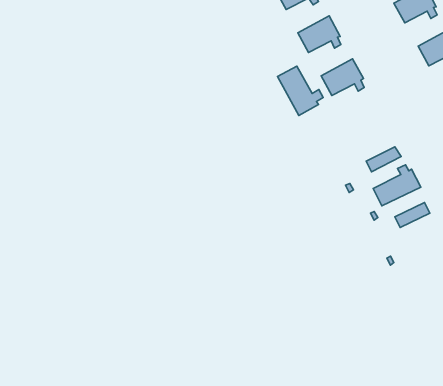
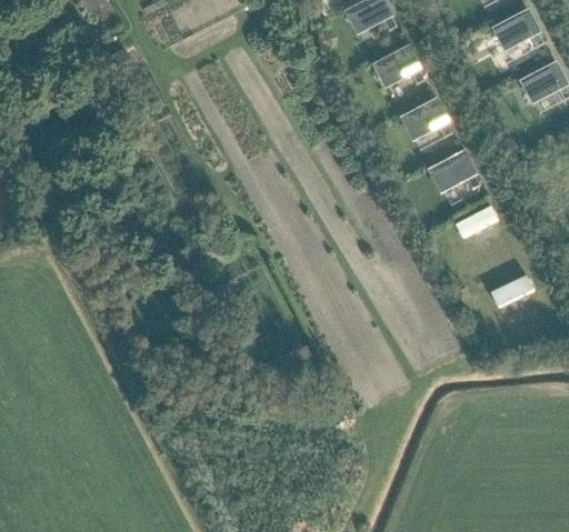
building: [278,66,323,116] -> none
building: none -> [427,148,480,193]
building: [373,165,421,206] -> none

